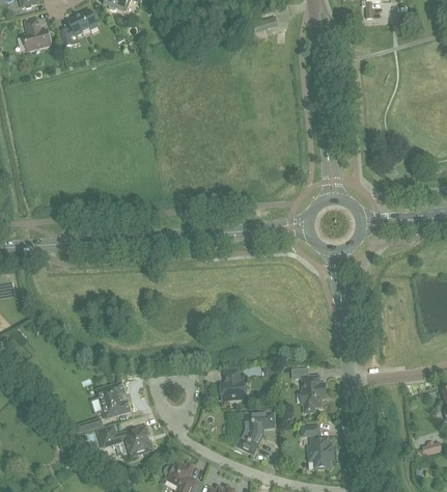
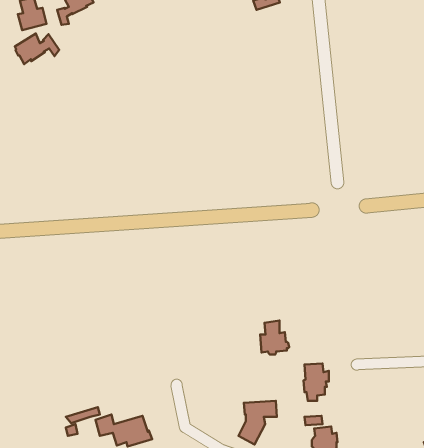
building: none -> [15,33,59,64]
building: [221,367,249,401] -> [260,321,289,355]
building: [96,380,131,417] -> none

